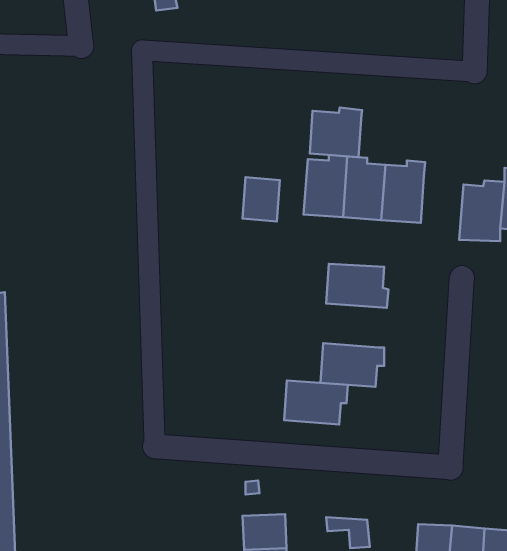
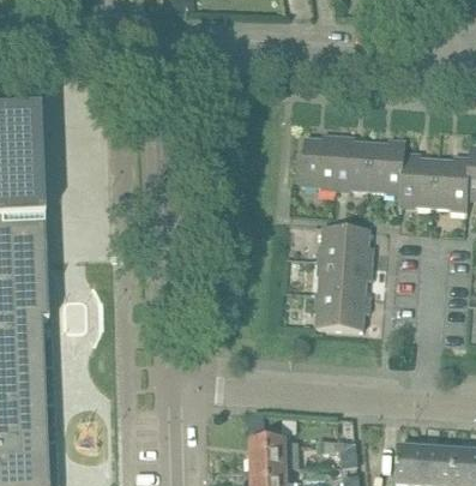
building: [310,107,362,157] -> none
building: none -> [399,151,436,205]
building: [243,177,280,221] -> none
building: [284,381,348,424] -> [318,259,372,296]

